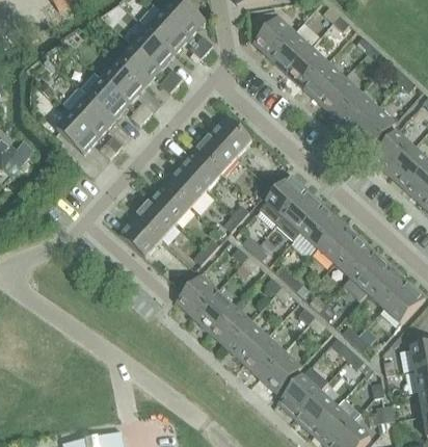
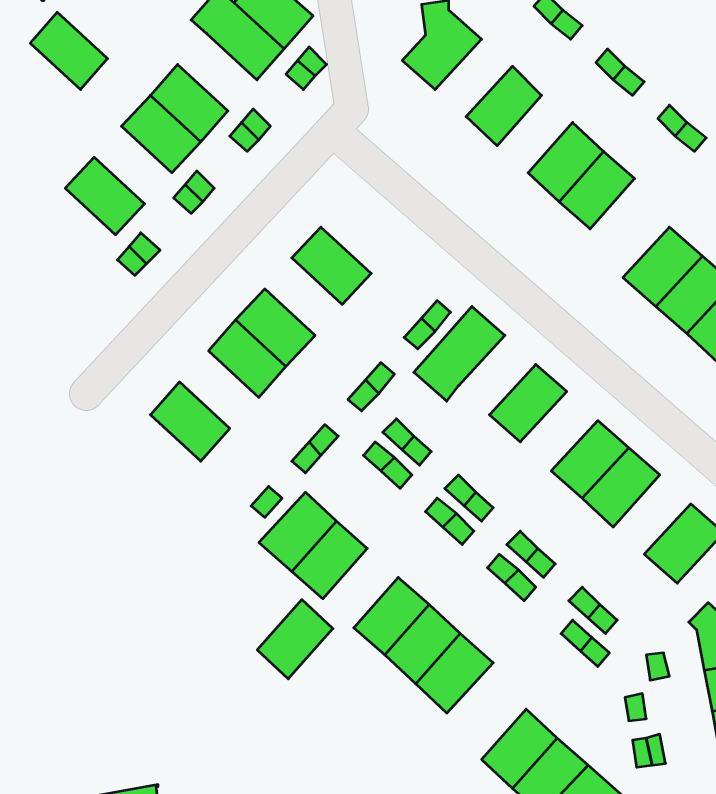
building: [132,28,175,70] -> none
building: [270,31,312,73] -> none
building: [303,61,344,103] -> none
building: [87,78,129,120] -> [30,12,108,90]
building: [353,106,395,149] -> none
building: [56,111,99,153] -> none
building: [209,115,251,157] -> none
building: [179,149,220,190] -> none
building: [276,190,324,240] -> none
building: [133,199,176,240] -> none
building: [316,220,357,263] -> none
building: [366,265,407,308] -> none
building: [210,305,250,347] -> [257,600,333,679]
building: [277,366,327,418] -> none

